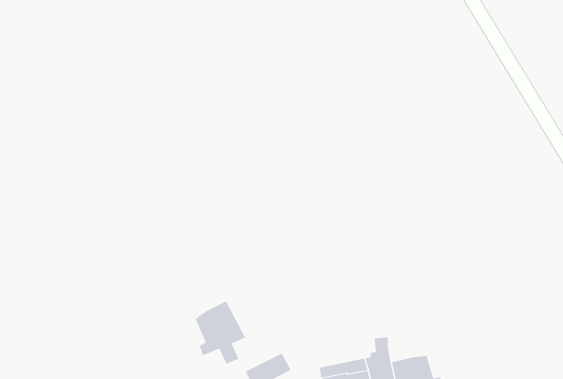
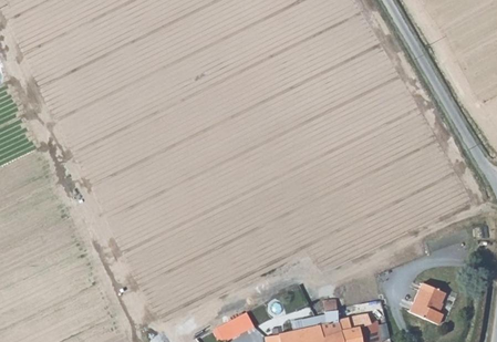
building: [195,300,246,364] -> none
building: none -> [410,281,445,323]

